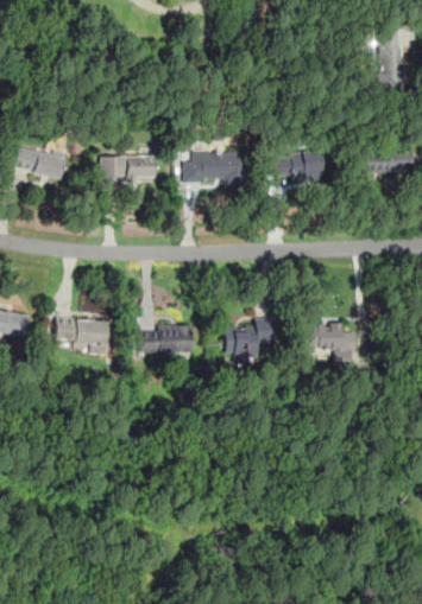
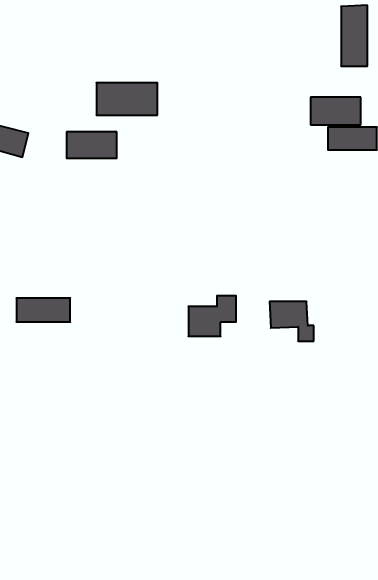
building: [187,151,247,183] -> [96,83,157,115]
building: [273,153,323,180] -> [311,97,361,125]
building: [145,325,193,352] -> none

